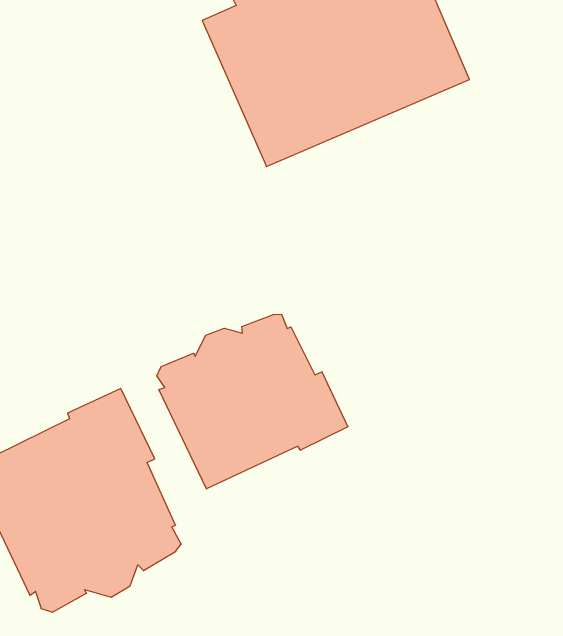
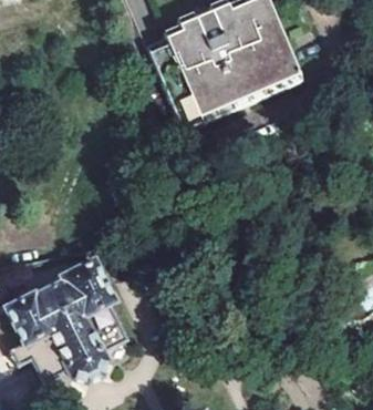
building: [157,314,348,489] -> none

